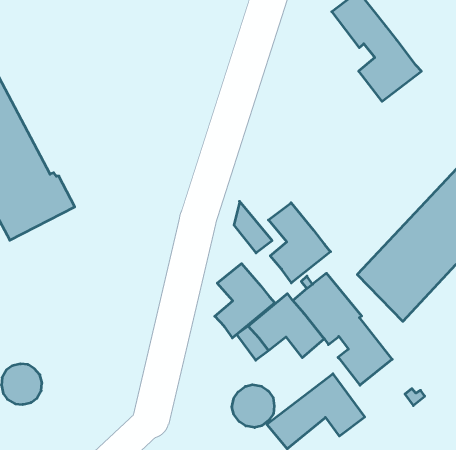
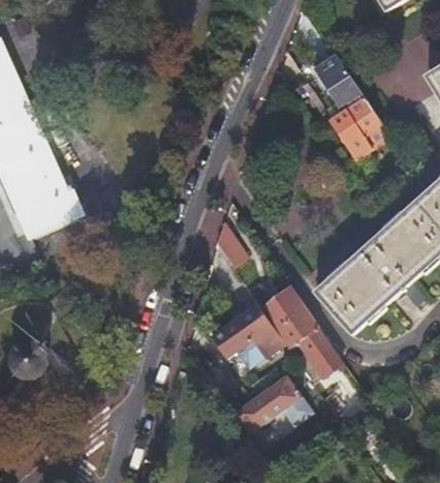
building: [268,203,331,283] -> none
building: [215,264,275,338] -> none
building: [232,385,274,428] -> none

